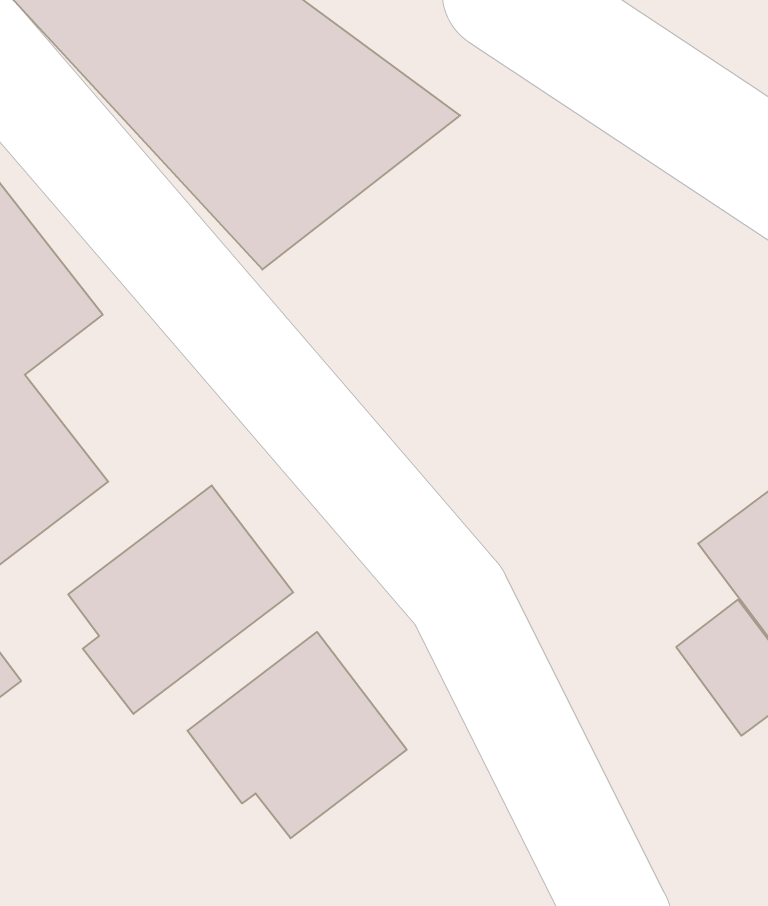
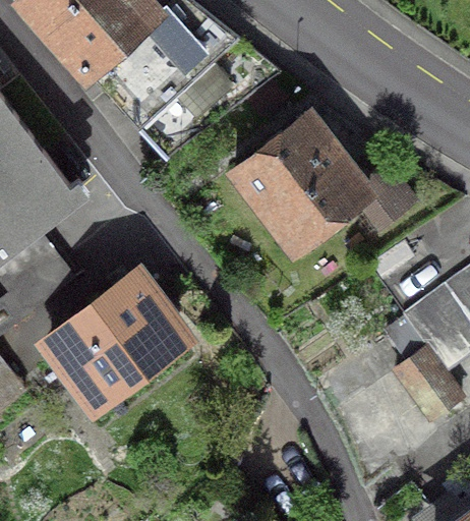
building: none -> [230,110,413,263]
building: [187,632,407,838] -> none

